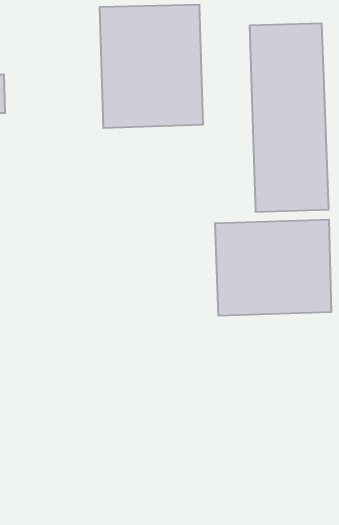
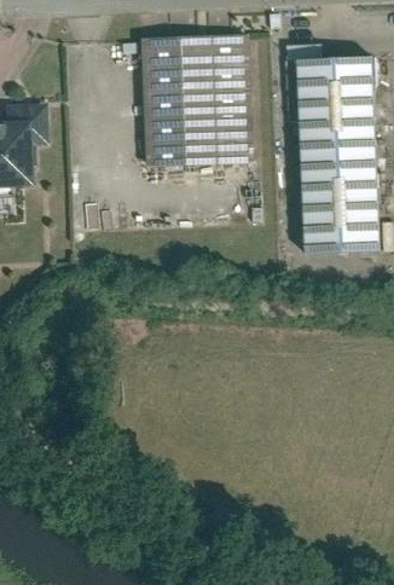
building: [215,220,331,316] -> none

